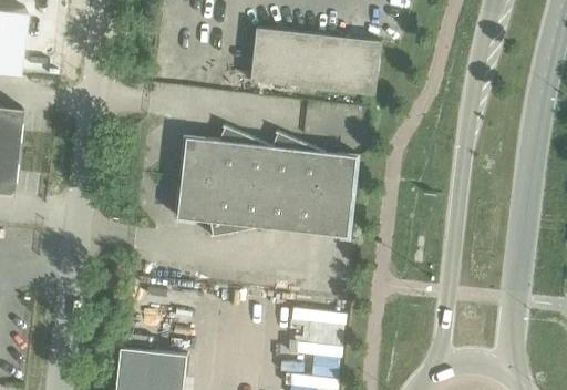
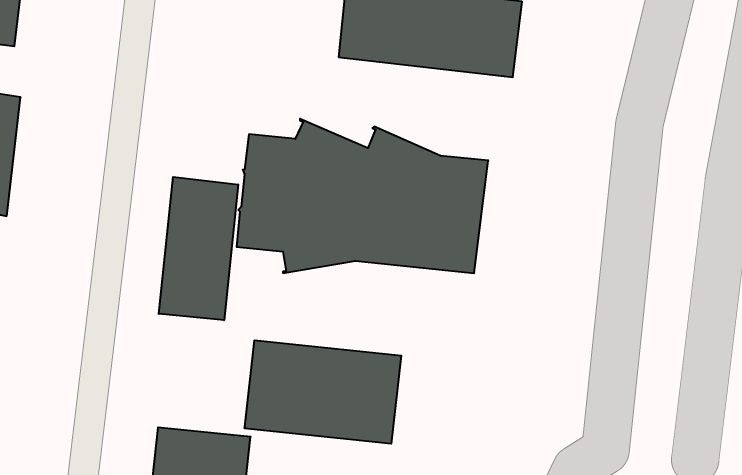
building: none -> [159,177,238,320]
building: none -> [245,340,401,444]

